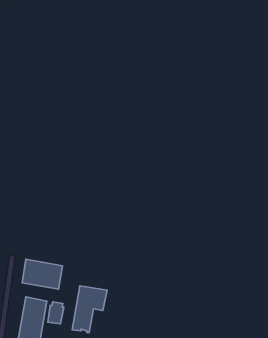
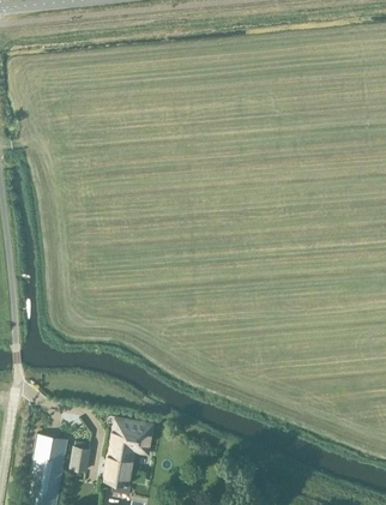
building: [22,259,62,289] -> none

